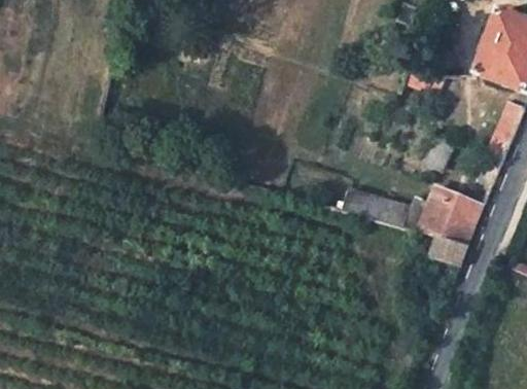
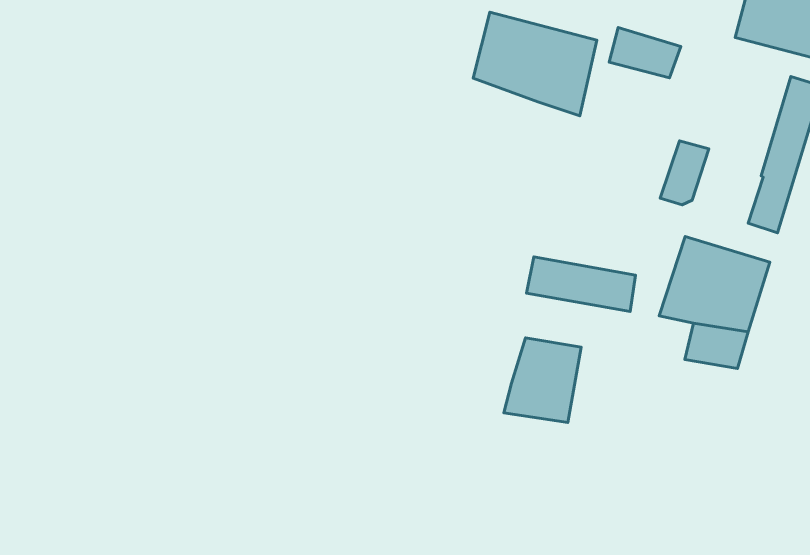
building: none -> [473,12,597,116]
building: none -> [504,338,581,422]

